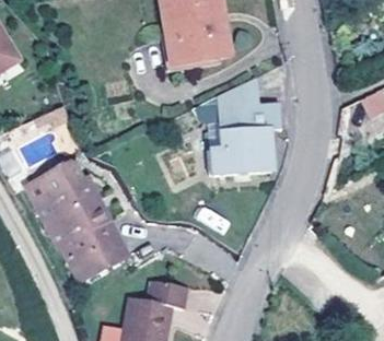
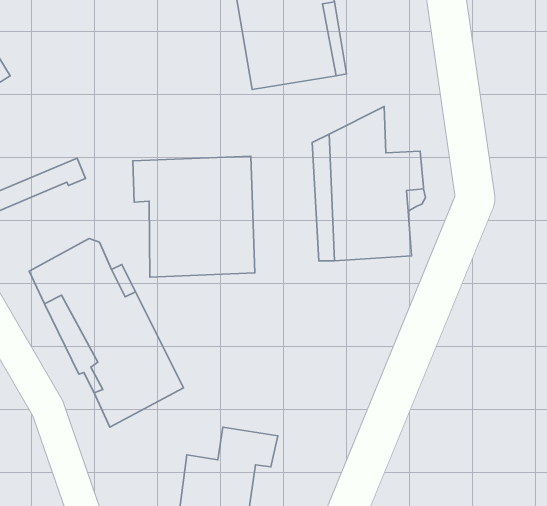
building: none -> [133,156,255,277]

